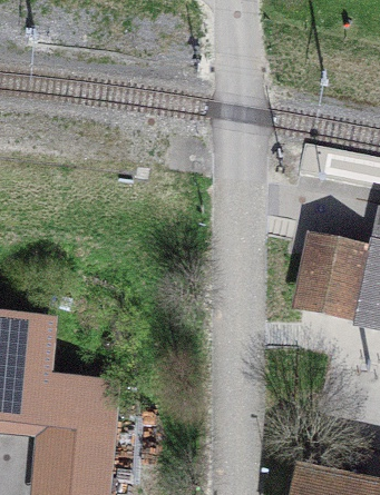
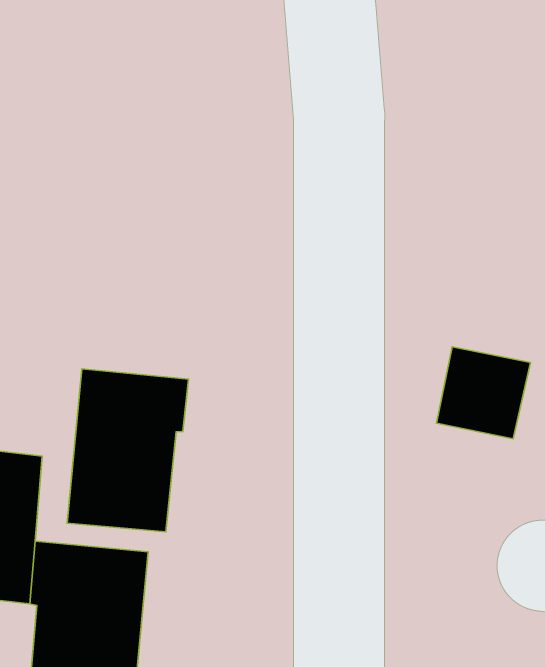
building: none -> [67,369,188,532]

